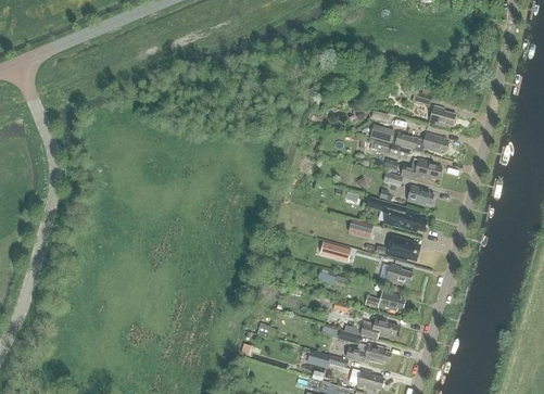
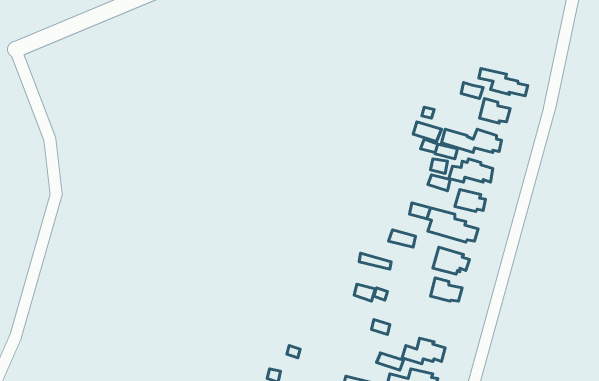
building: none -> [479,68,528,96]
building: [364,290,404,309] -> none

